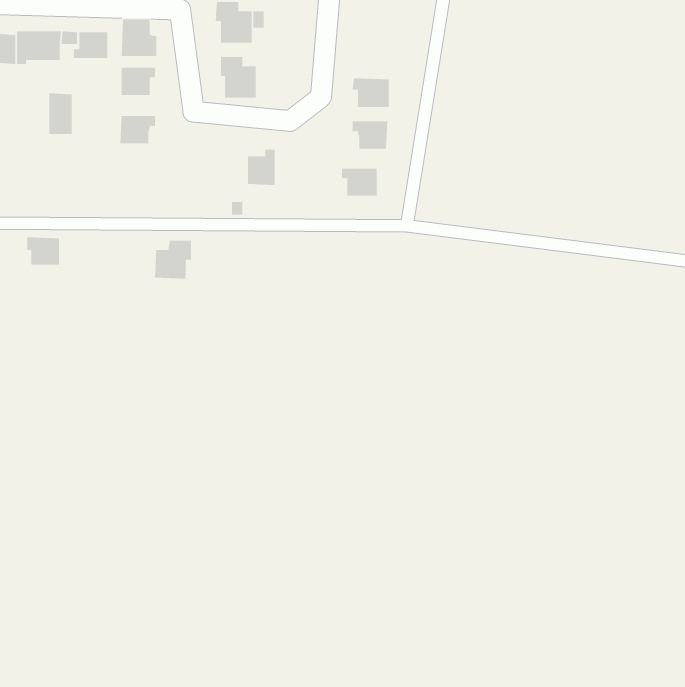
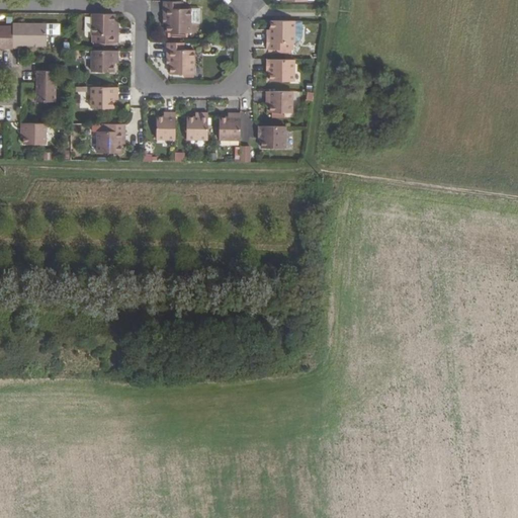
building: none -> [266,20,293,53]
building: [74,32,108,59] -> none
building: none -> [156,112,175,139]
building: none -> [219,113,240,140]
building: [26,237,60,265] -> [20,122,46,144]
building: [154,240,192,279] -> [96,123,124,153]

